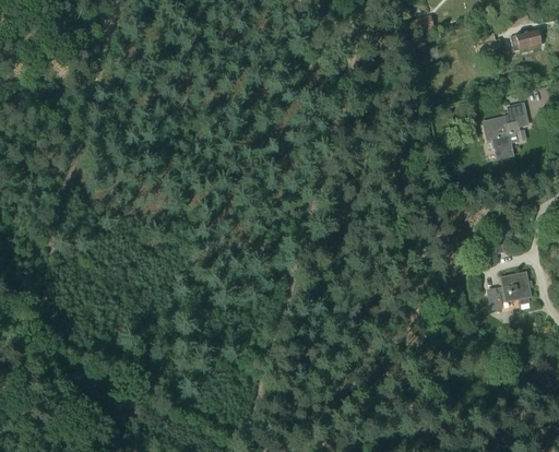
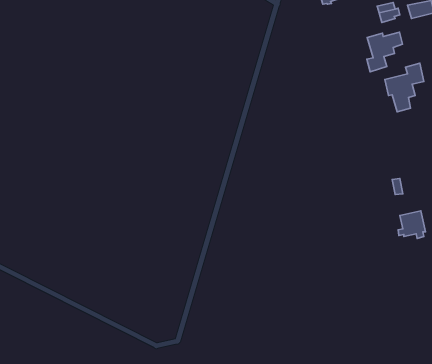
building: none -> [367,32,403,72]

